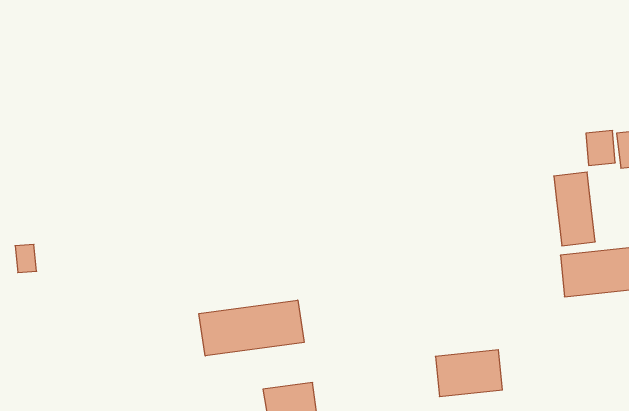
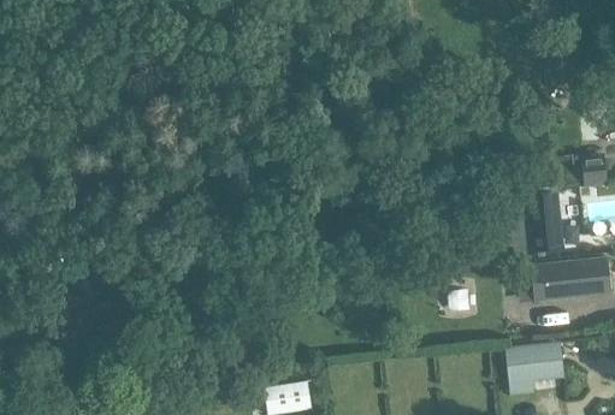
building: [199,300,304,356] -> none
building: [435,350,502,397] -> [505,340,566,383]

